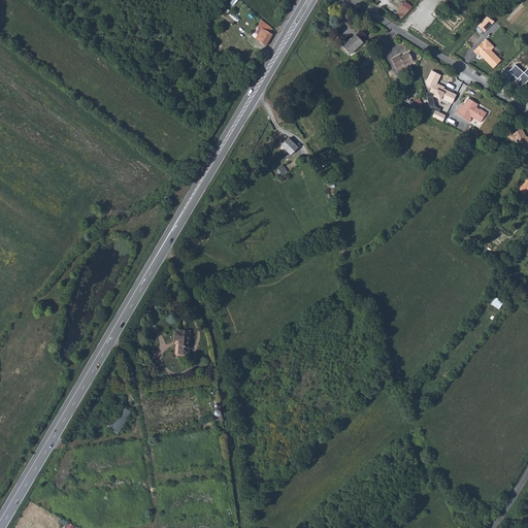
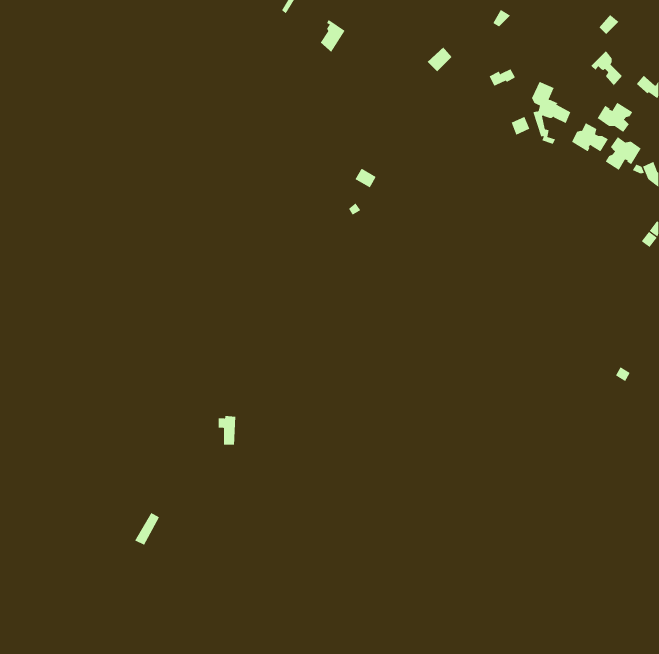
building: none -> [597,102,633,133]
building: none -> [605,136,641,171]

